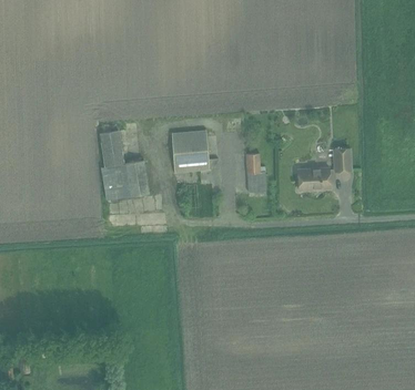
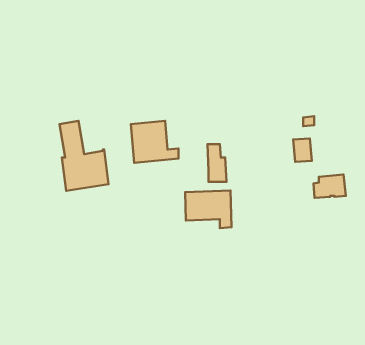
building: [297,165,330,188] -> [313,175,346,198]
building: none -> [185,190,231,228]

